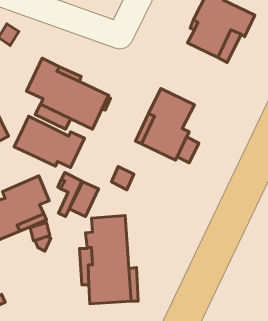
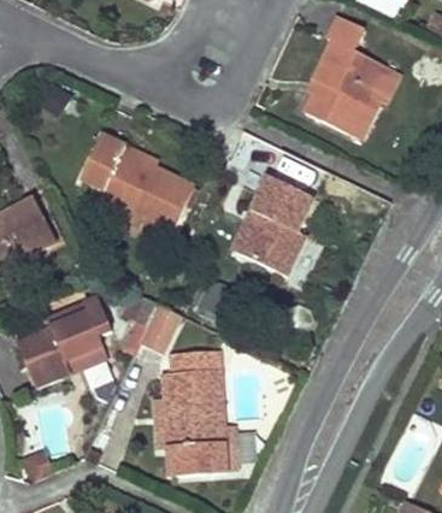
building: [14,116,84,168] -> none

